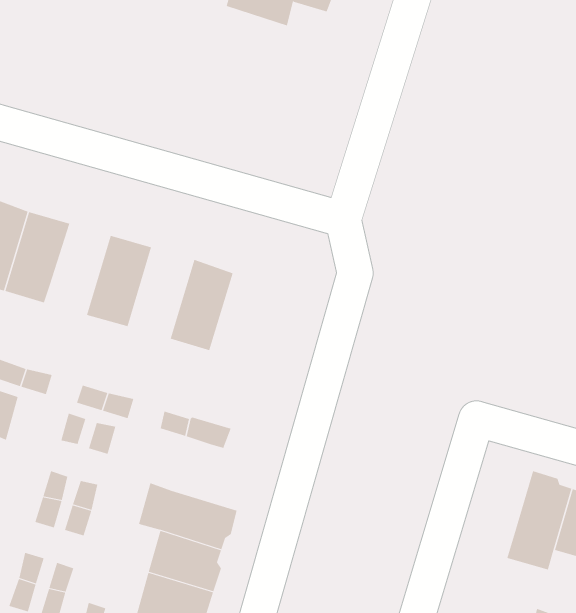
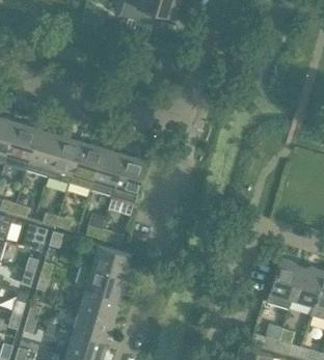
building: none -> [26,129,60,176]
building: none -> [70,141,104,189]
building: none -> [112,155,146,202]
building: none -> [86,243,132,278]

